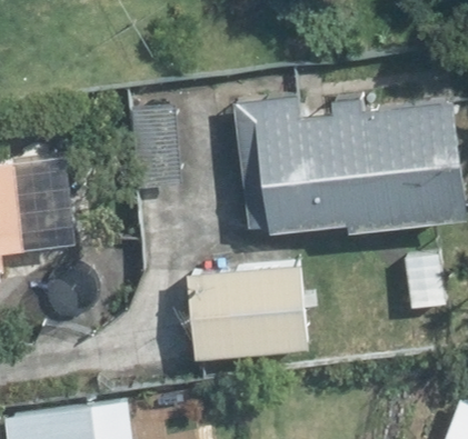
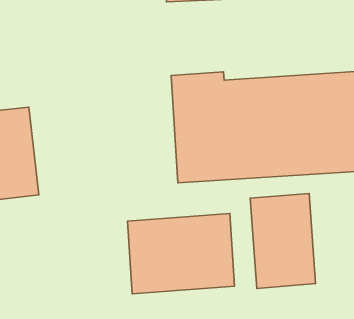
building: none -> [250,193,316,288]

